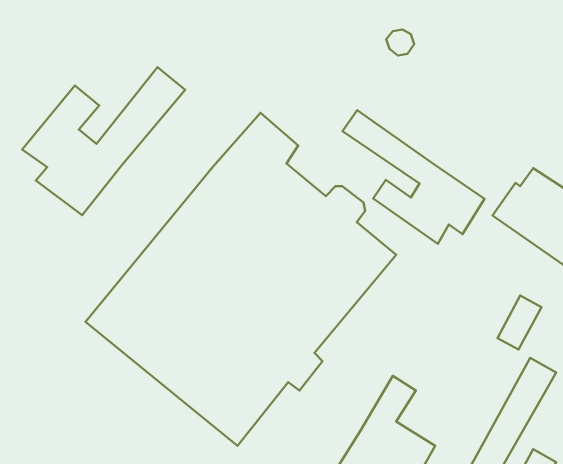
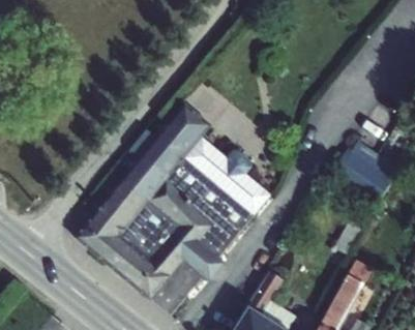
building: [22,67,185,215] -> none
building: [343,110,484,244] -> none

